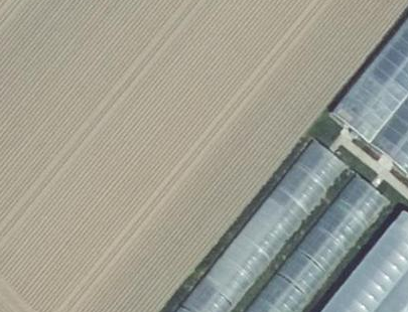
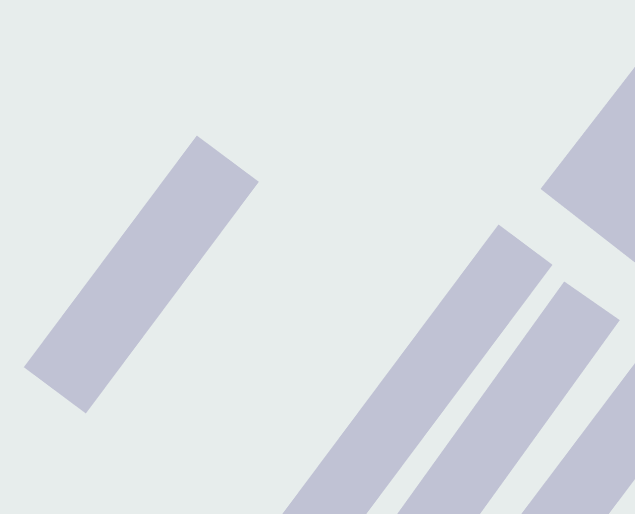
building: none -> [23,134,260,414]

